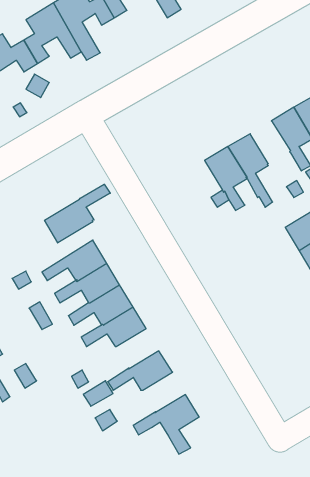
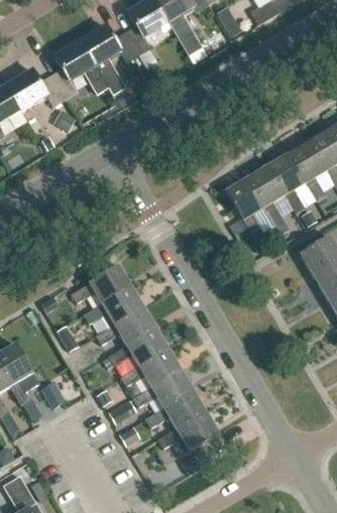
building: none -> [267,152,306,213]
building: [45,184,110,243] -> none
building: none -> [119,349,181,387]
building: none -> [144,390,206,428]

